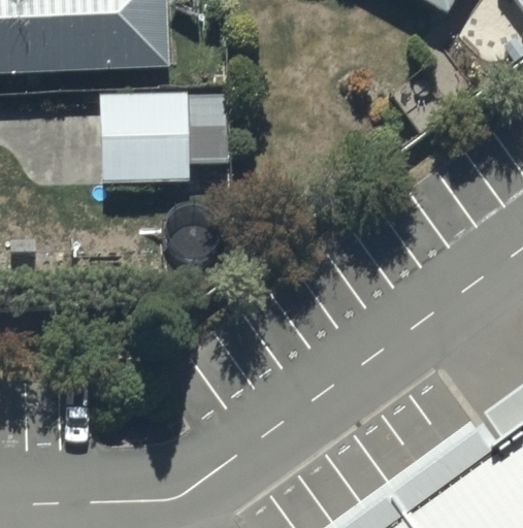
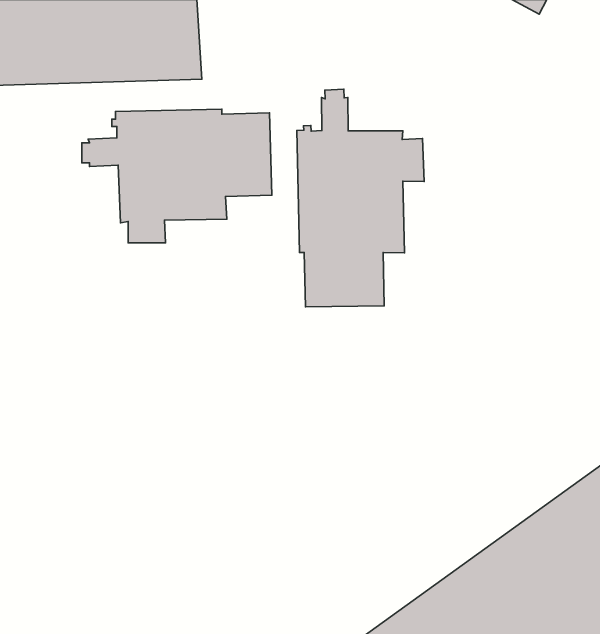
building: none -> [297,89,424,307]

